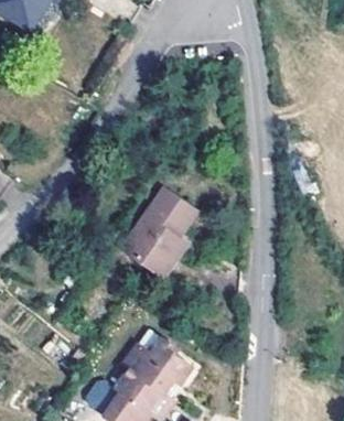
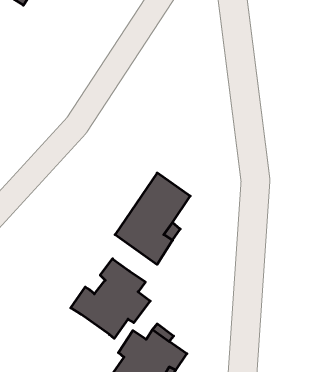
building: none -> [71,259,150,338]

